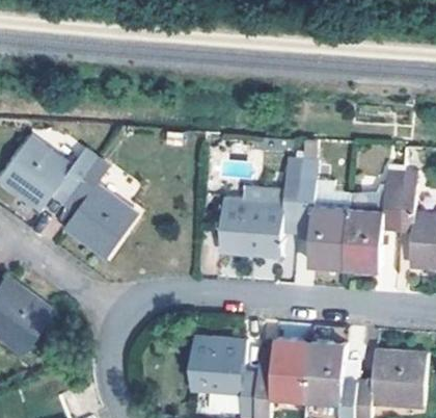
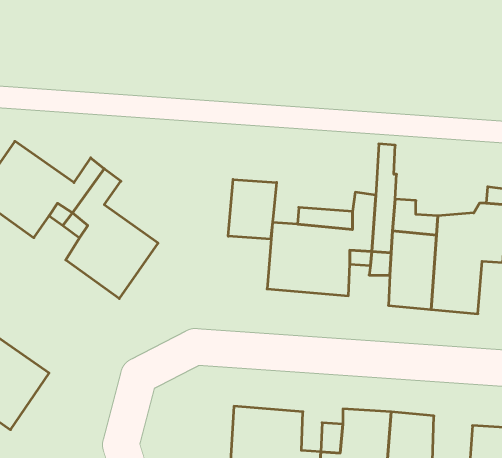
building: none -> [228,179,277,239]

